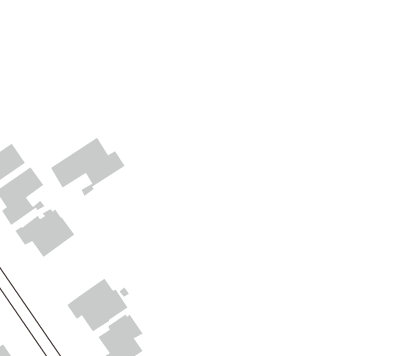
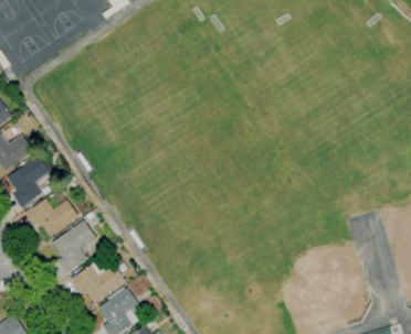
building: [50,137,126,197] -> none
building: none -> [51,220,94,273]

